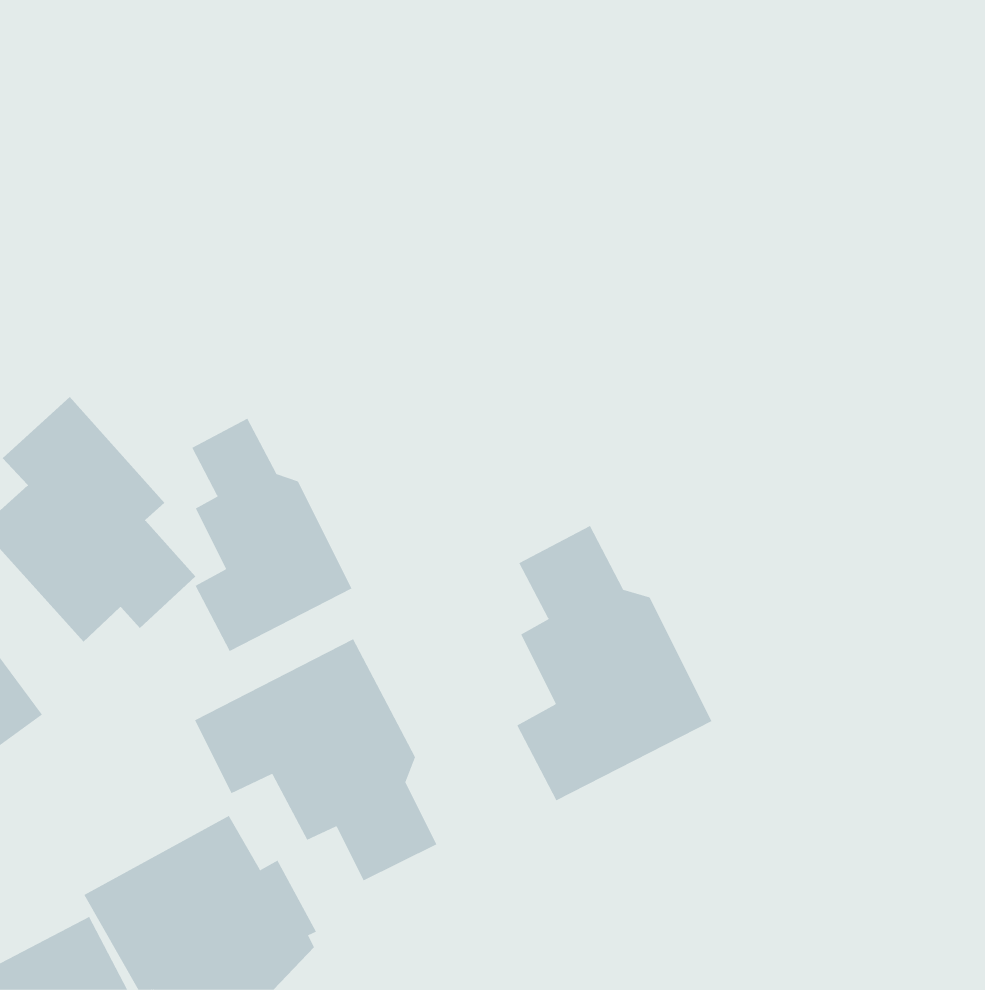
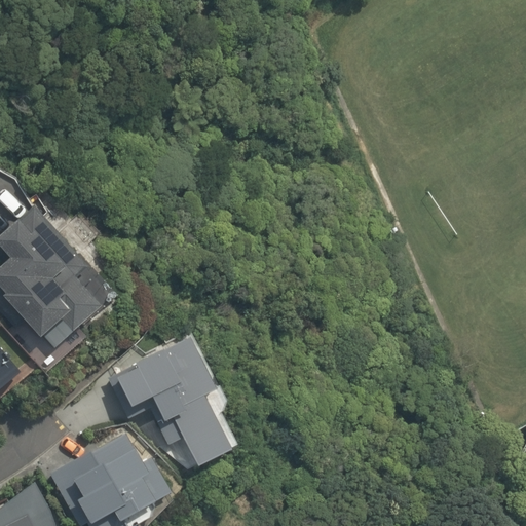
building: [191,418,352,652] -> none
building: [516,525,712,801] -> none

